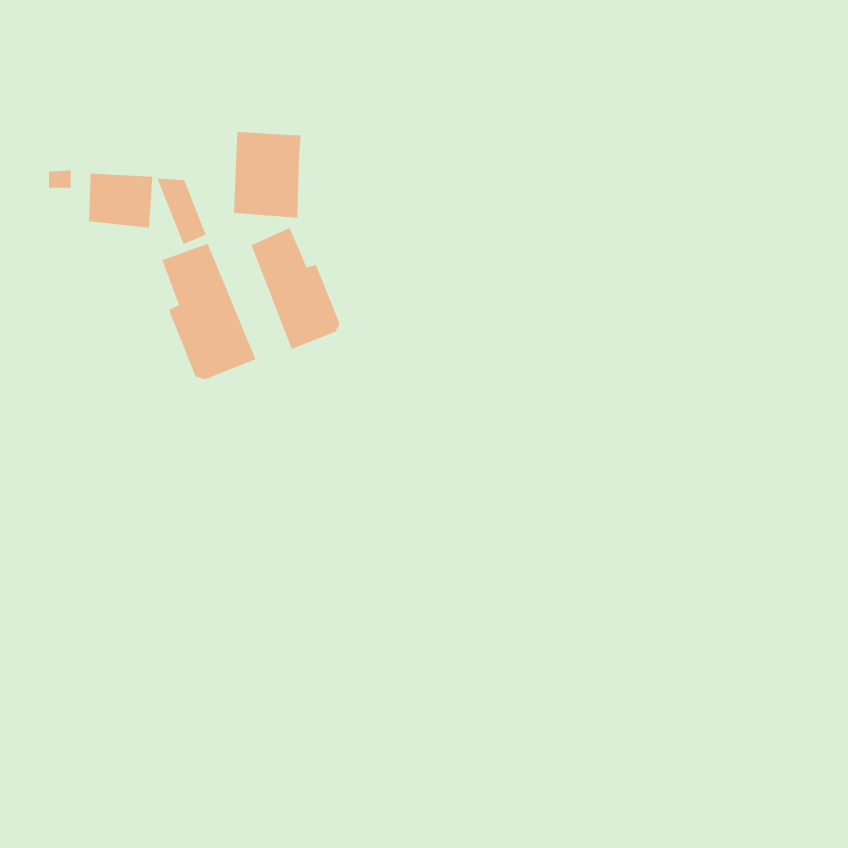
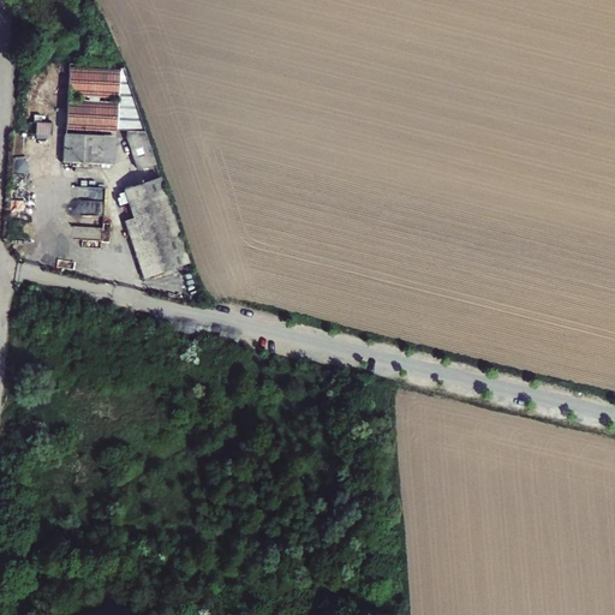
building: [233,131,301,218] -> [68,66,118,129]
building: [251,227,340,350] -> none

